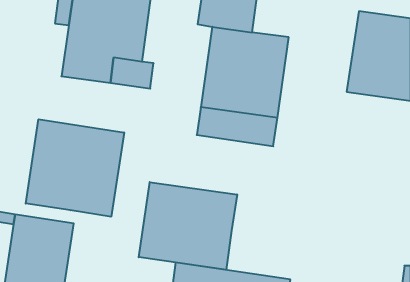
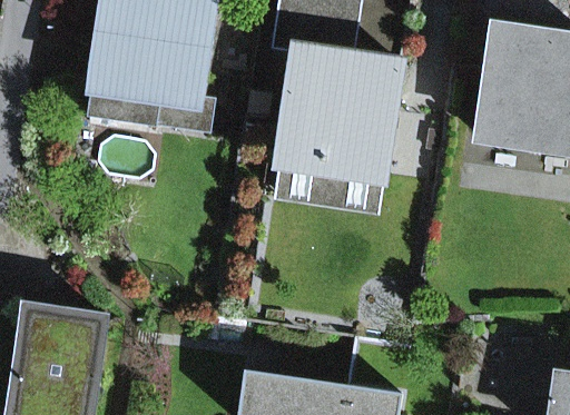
building: [26,119,124,217] -> none
building: [139,182,237,270] -> none

